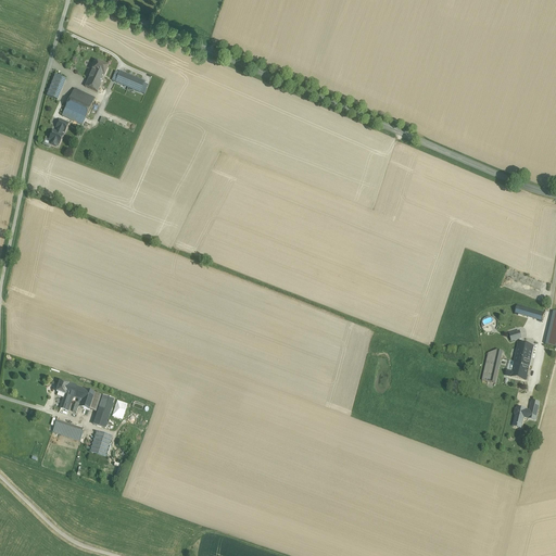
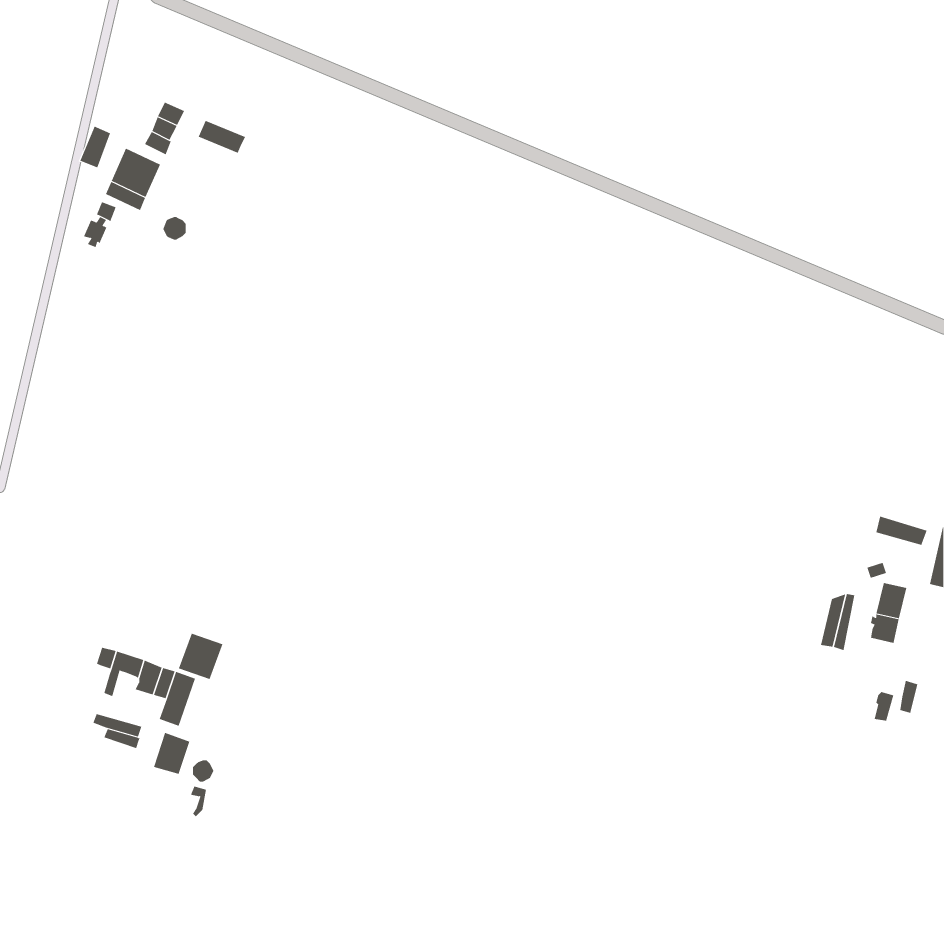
building: none -> [178,633,223,680]

